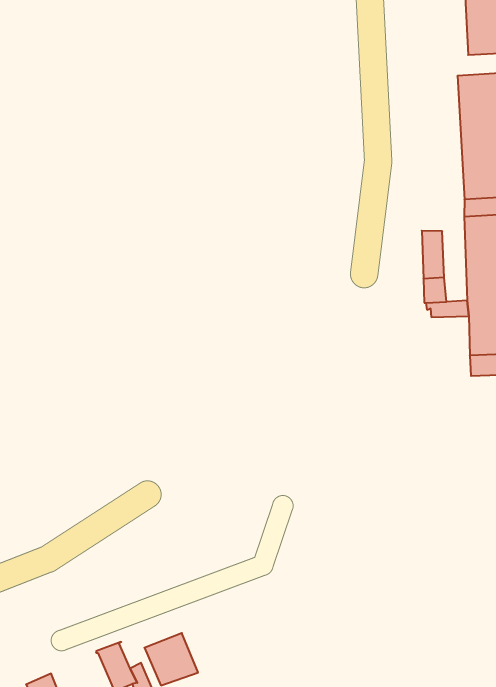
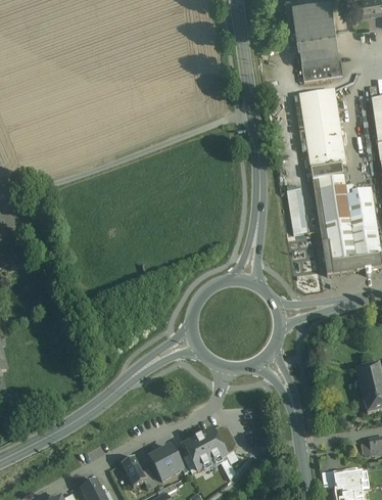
building: none -> [184,428,226,470]

